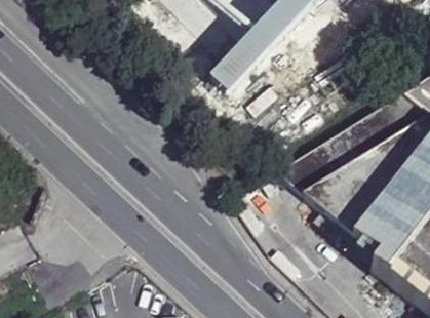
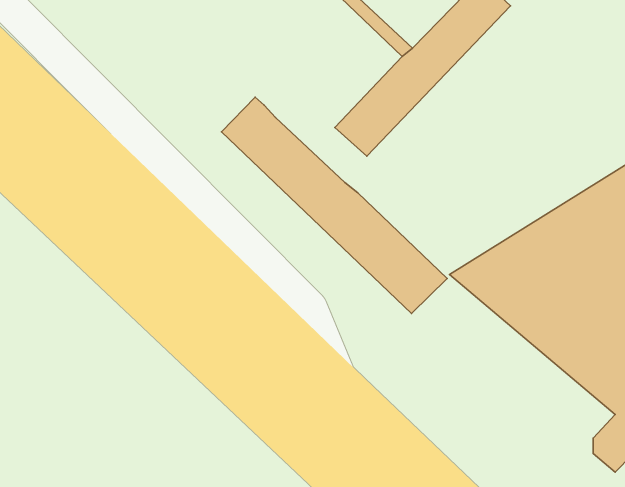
building: none -> [221,97,447,313]

